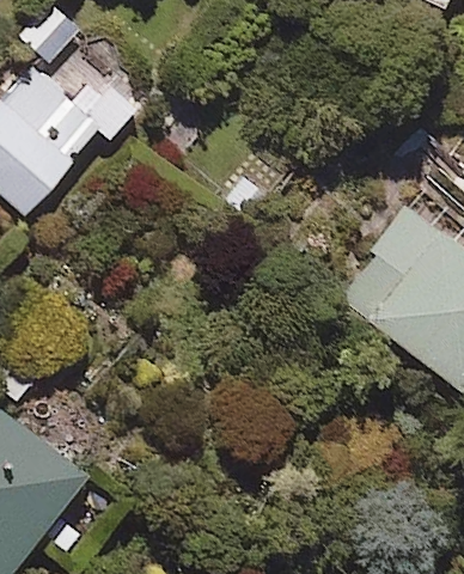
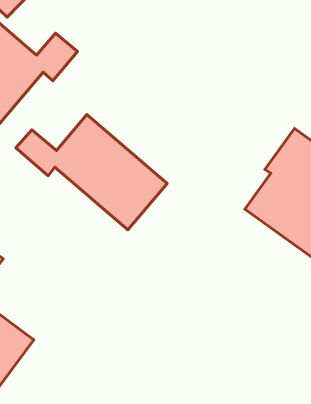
building: none -> [16,115,167,230]

